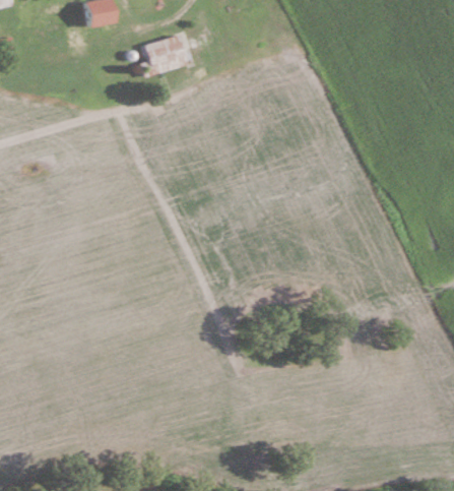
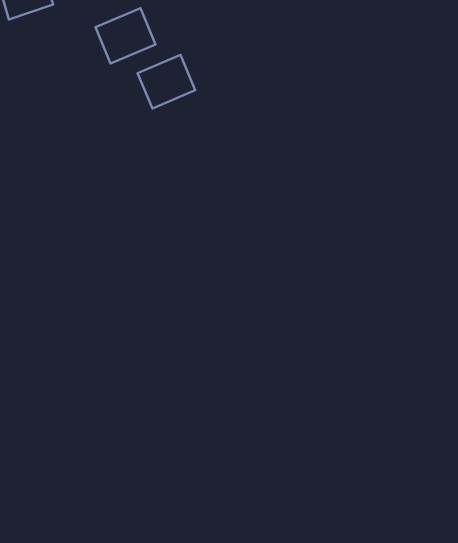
building: none -> [138,55,195,108]

